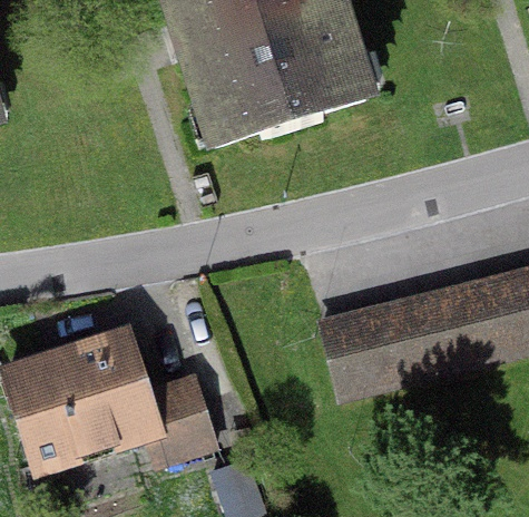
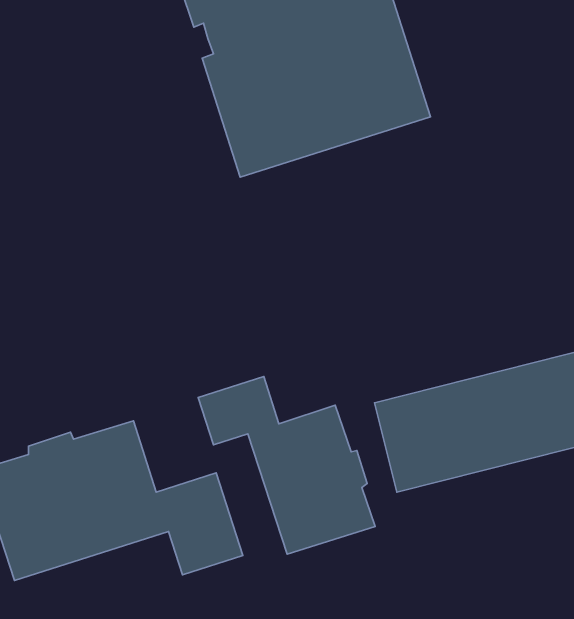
building: none -> [198,376,375,554]

